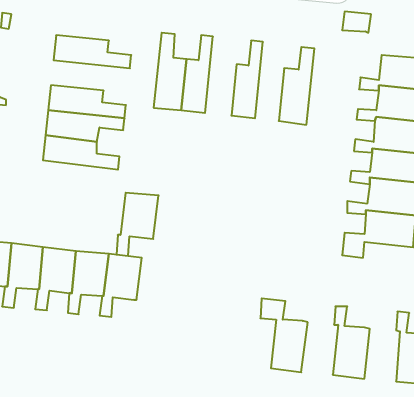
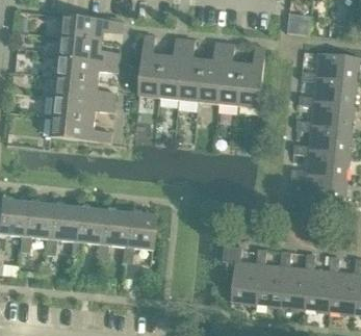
building: none -> [60,16,123,41]
building: none -> [178,37,203,100]
building: none -> [217,42,240,104]
building: none -> [56,56,119,80]
building: [116,193,159,256] -> [121,212,154,262]
building: none -> [254,248,283,305]
building: none -> [304,253,332,310]

